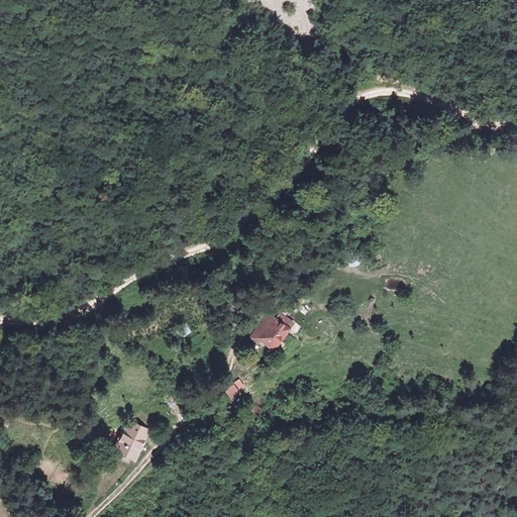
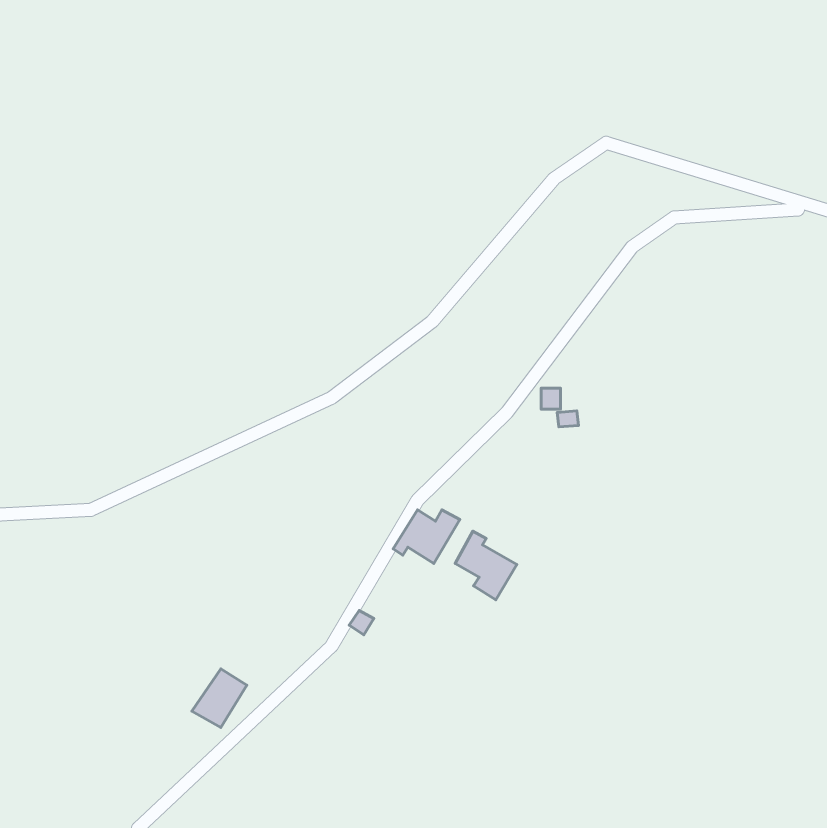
building: none -> [455,531,517,600]

